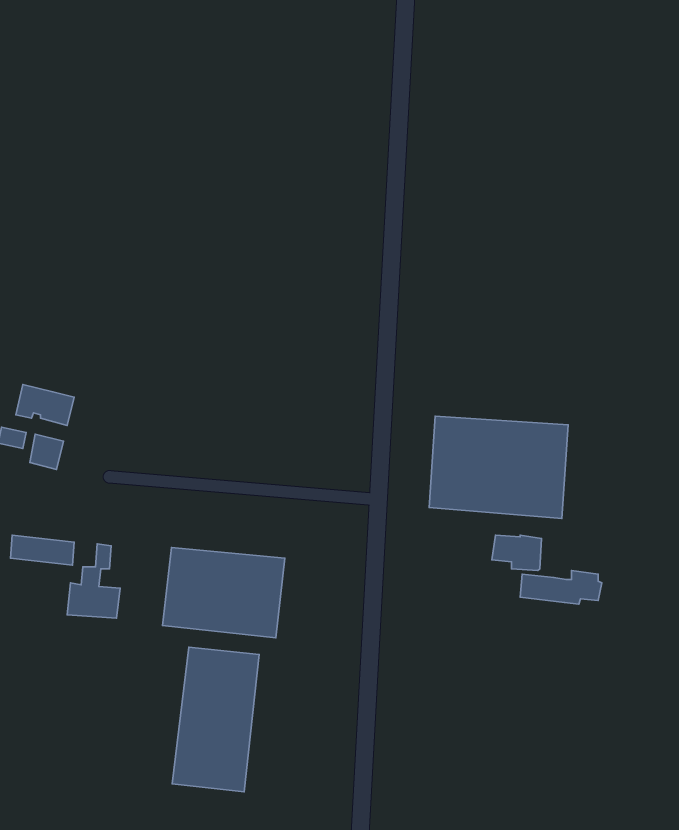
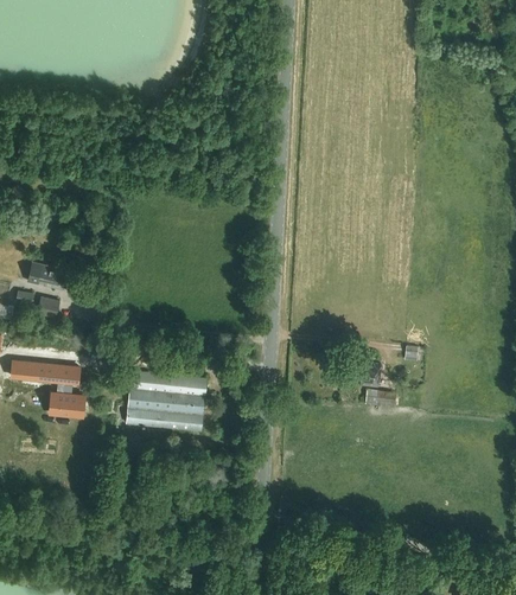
building: [429,416,568,518] -> none
building: [172,647,259,792] -> none

